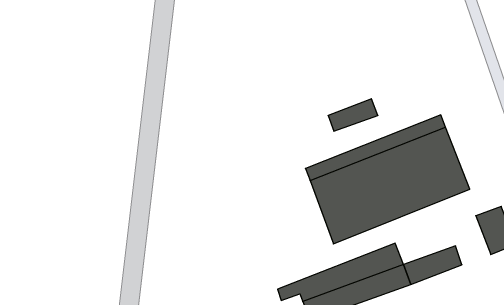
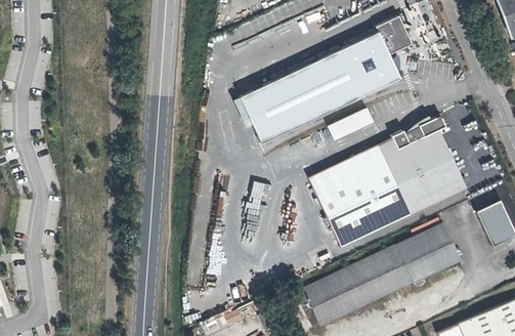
building: none -> [242,17,415,143]
building: none -> [397,220,455,262]

